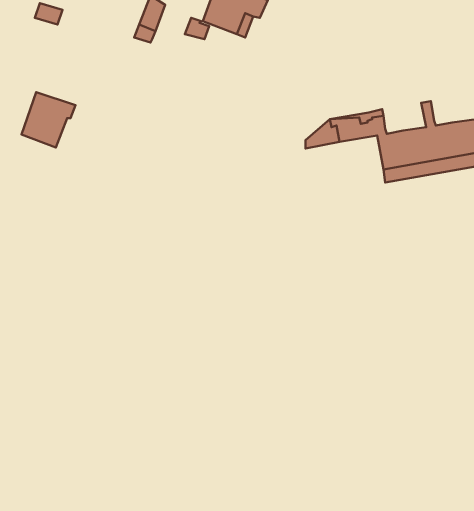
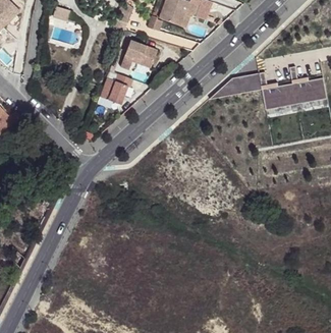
building: none -> [120,39,157,68]
building: [22,92,75,148] -> [100,69,133,104]

